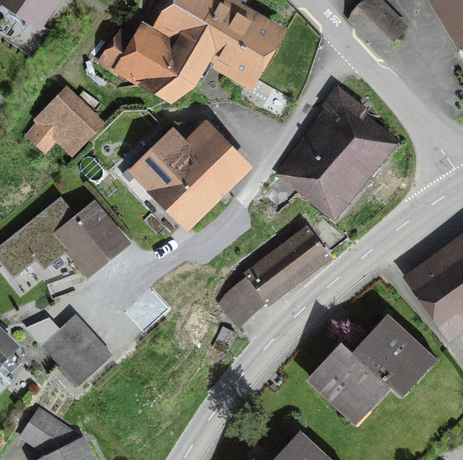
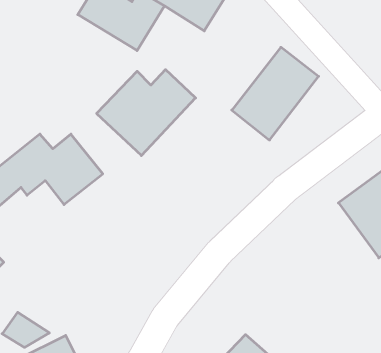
building: [24,86,106,161] -> none
building: [218,227,328,320] -> none
building: [310,310,440,440] -> none
building: [40,314,107,381] -> none

